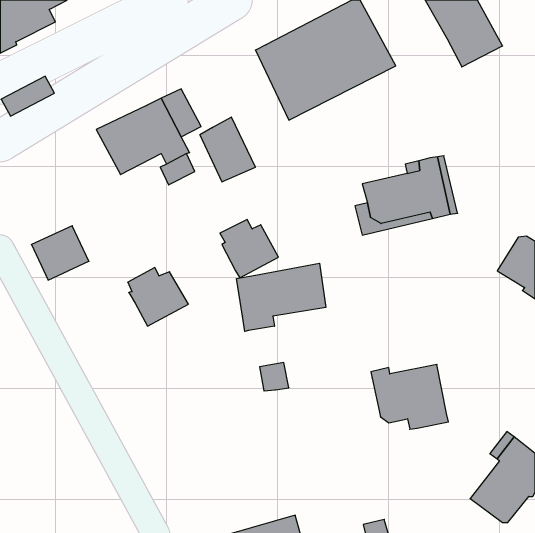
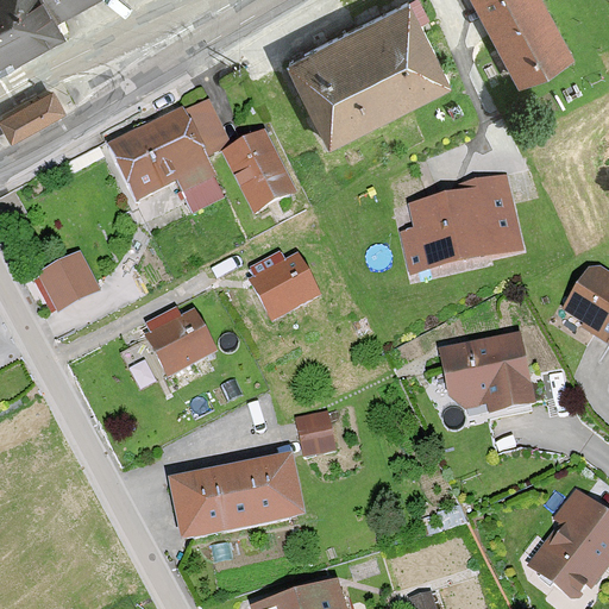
building: [237,263,326,331] -> none
building: [371,364,448,429] -> [441,337,529,410]
building: none -> [174,460,294,535]

